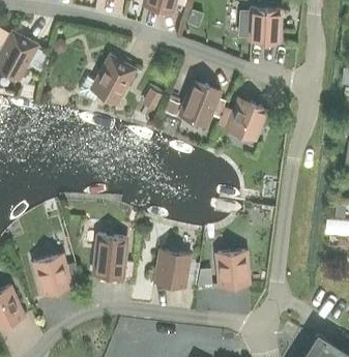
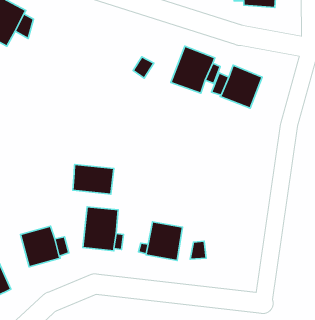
building: [79,55,136,103] -> none
building: none -> [73,164,114,194]
building: [216,250,249,286] -> none

